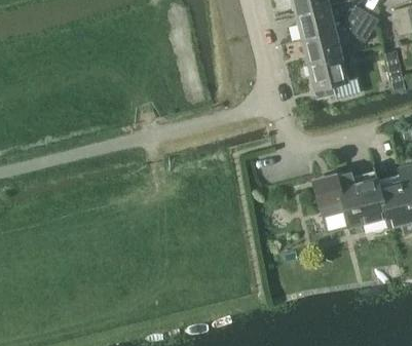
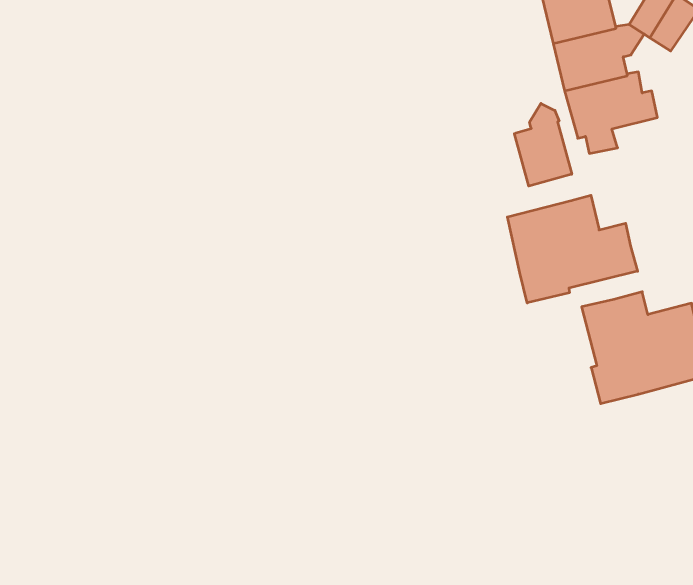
building: none -> [514,103,572,186]
building: none -> [507,195,638,303]

